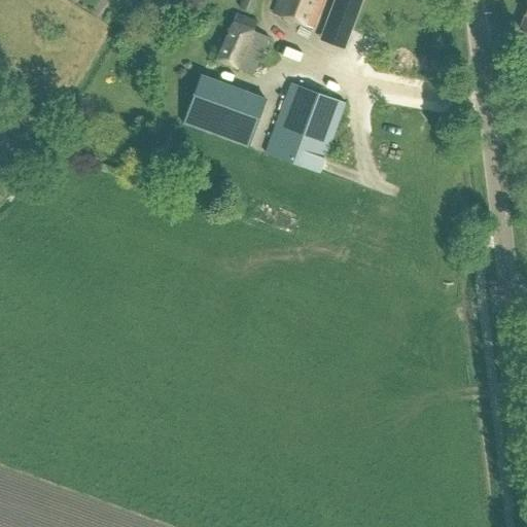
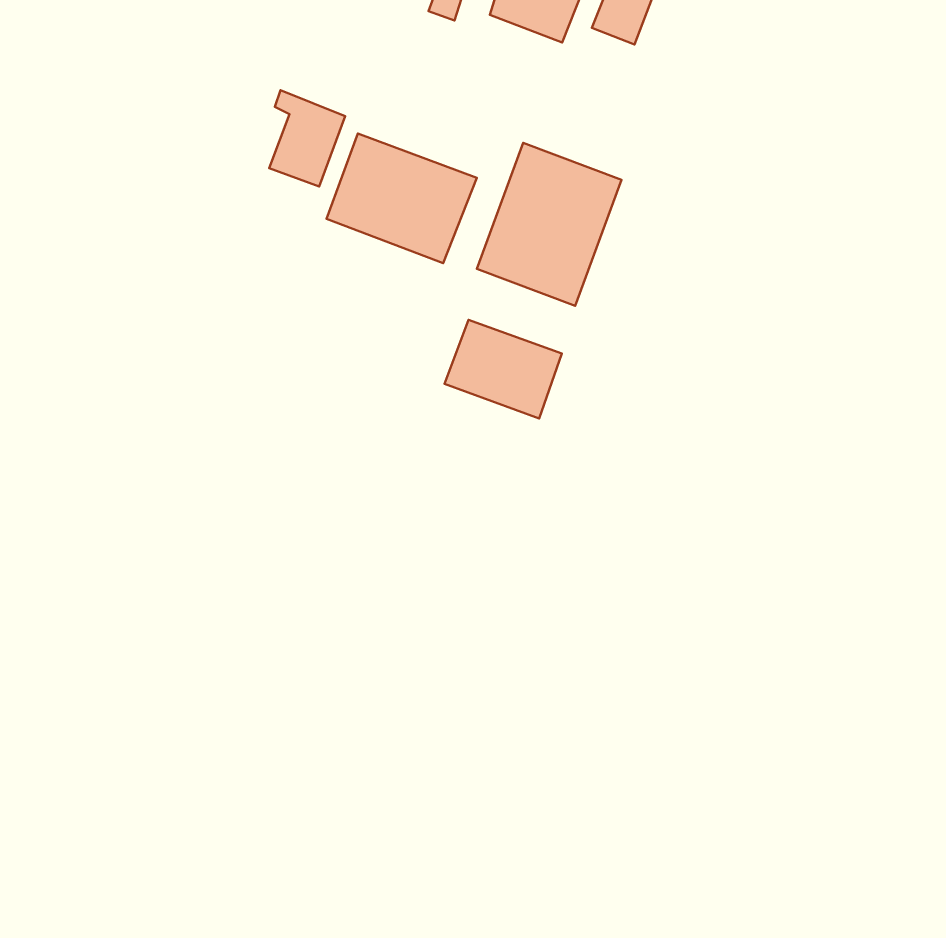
building: [226,19,269,72] -> [269,90,345,187]
building: none -> [445,320,562,419]

